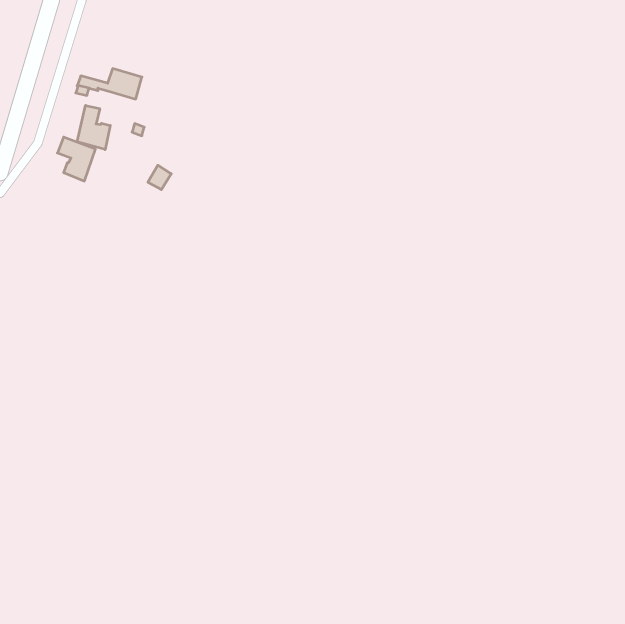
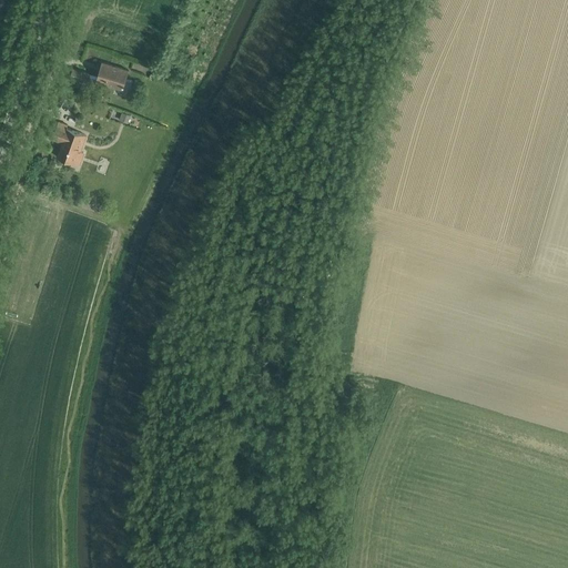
building: [77,105,110,150] -> none

